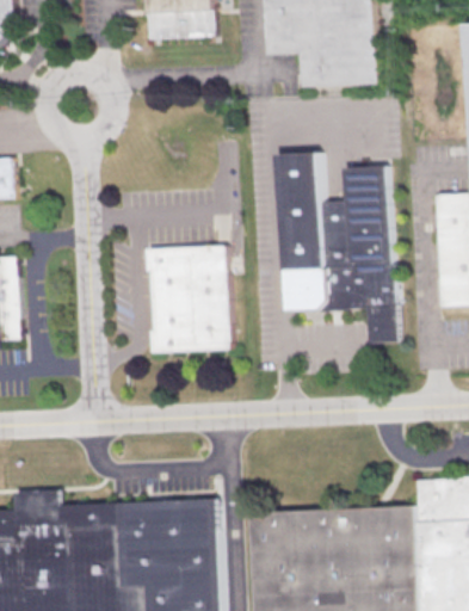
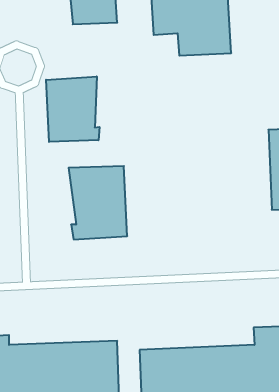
building: none -> [46,76,99,142]
building: [278,152,401,341] -> none

